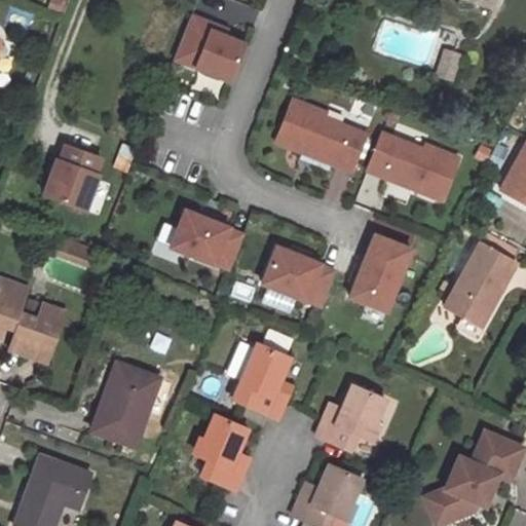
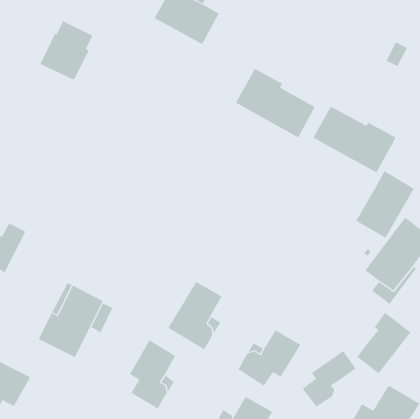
building: [44,146,100,211] -> [39,21,93,81]
building: [172,211,242,269] -> none
building: [351,235,412,310] -> [355,171,415,239]
building: [264,249,332,304] -> none
building: none -> [357,312,411,374]
building: none -> [302,350,356,408]

